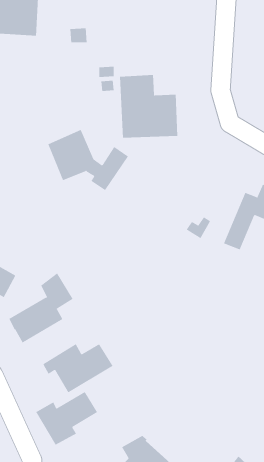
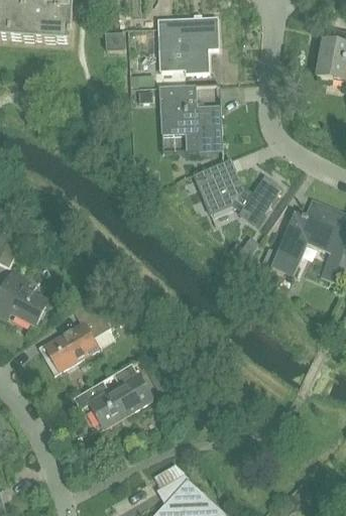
building: none -> [157,16,218,76]
building: [47,129,129,191] -> [193,157,280,224]
building: [36,391,98,445] -> none

